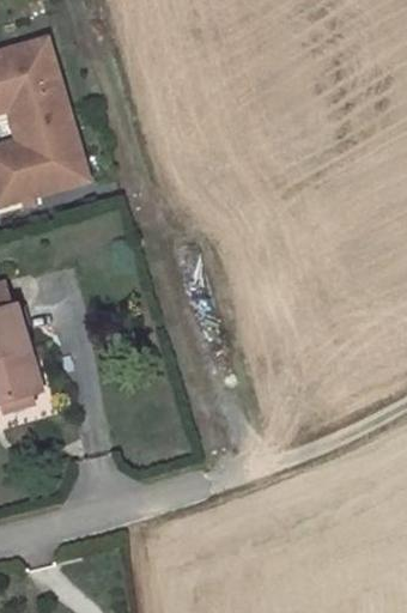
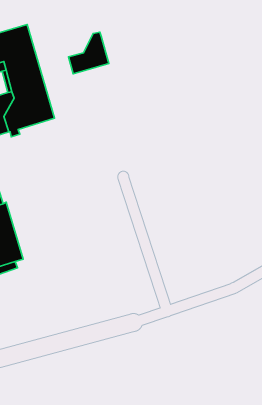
building: none -> [68,32,109,74]

